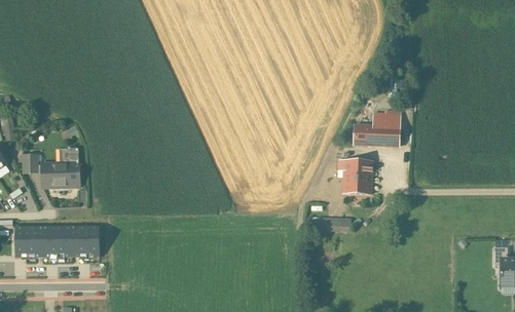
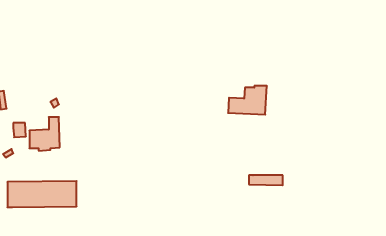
building: [354,110,401,145] -> [228,86,267,115]
building: [343,158,372,193] -> none

